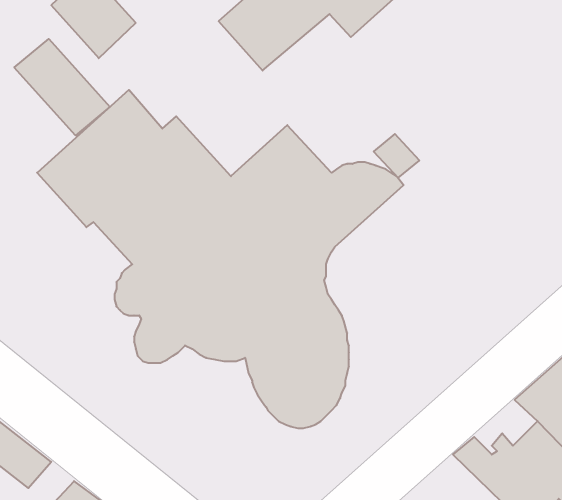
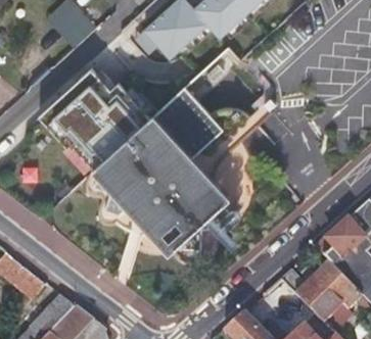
building: [14,39,110,135] -> none

